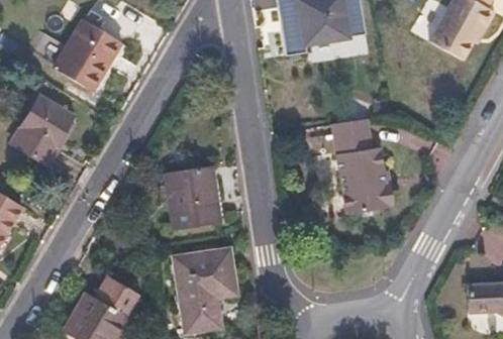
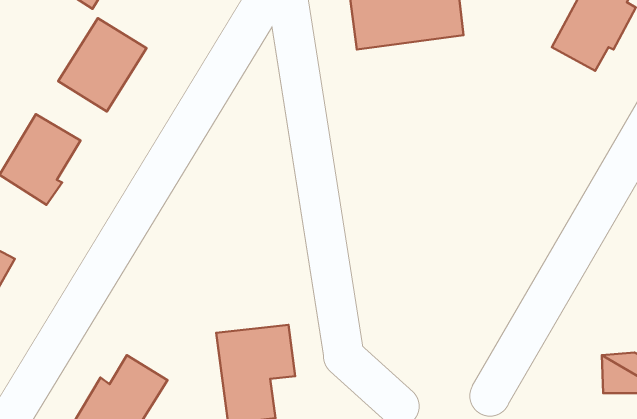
building: [334,118,398,217] -> none
building: [171,168,225,231] -> none

